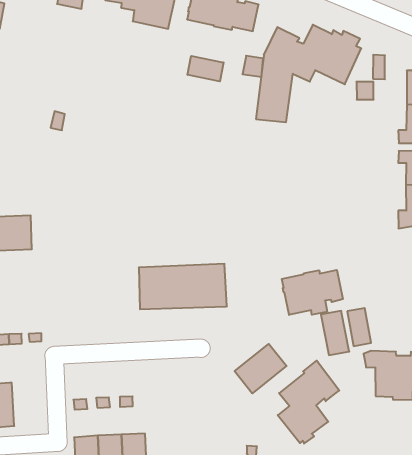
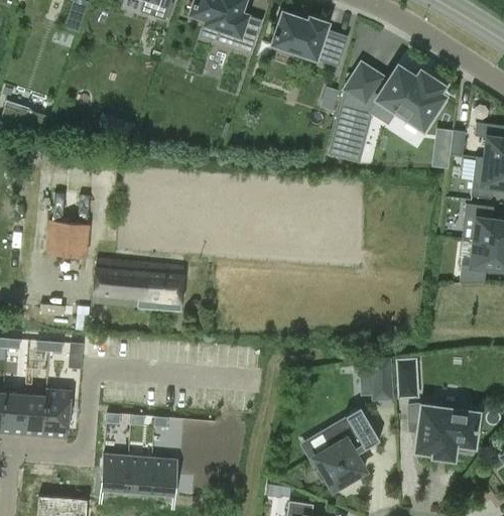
building: [188,56,224,81] -> none
building: [139,264,227,309] -> [93,259,184,309]
building: [282,270,343,315] -> none
building: [235,344,287,393] -> none
building: none -> [44,389,71,437]

